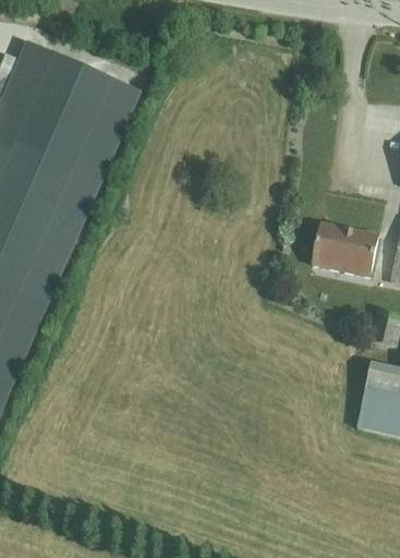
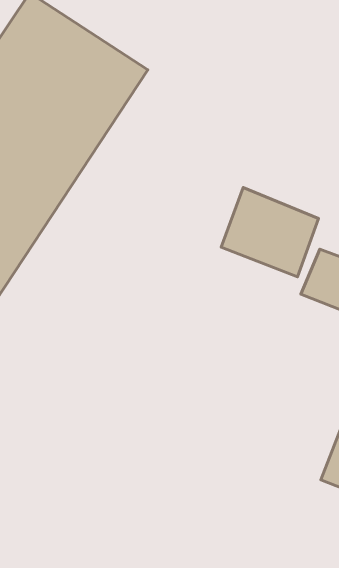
building: none -> [221,188,318,277]

